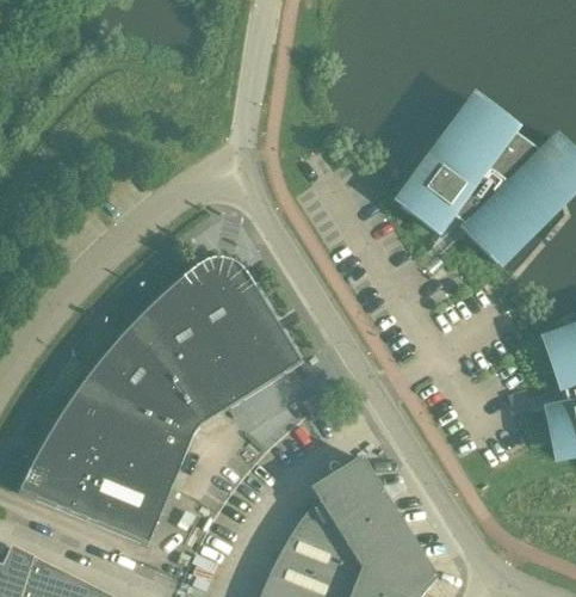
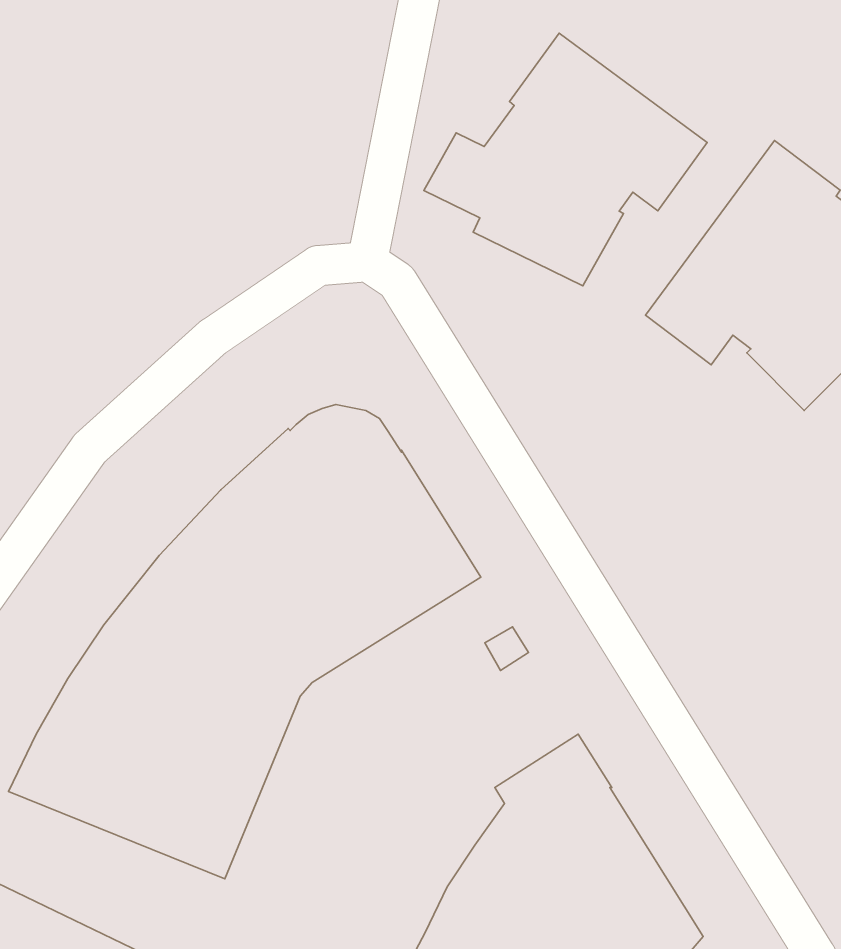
building: none -> [424,33,707,286]

